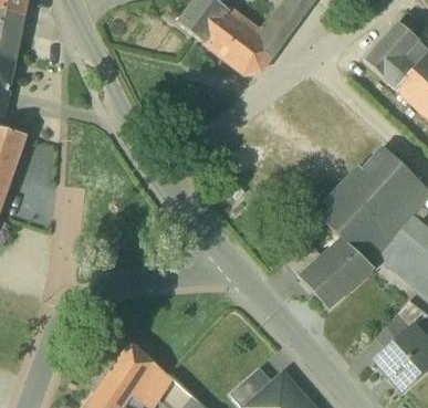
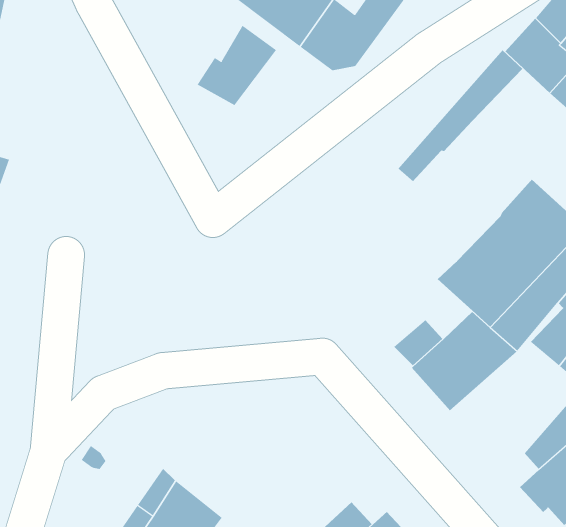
building: none -> [197,25,277,106]
building: none -> [398,50,523,182]

